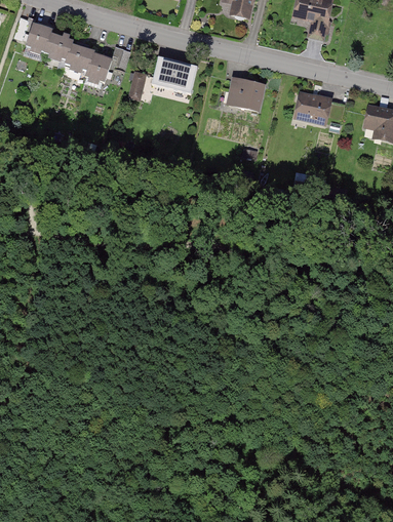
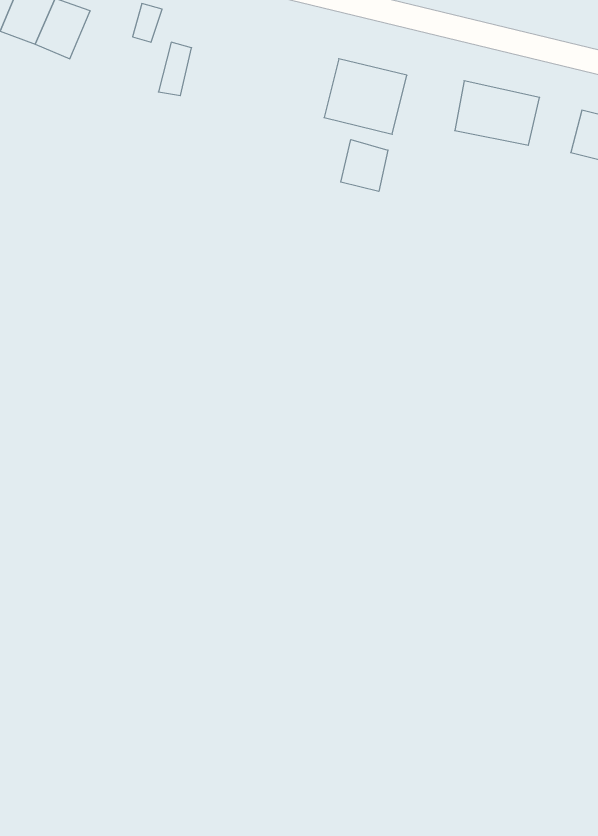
building: [79,49,109,83] -> none
building: [146,54,198,98] -> none
building: none -> [341,140,388,191]

